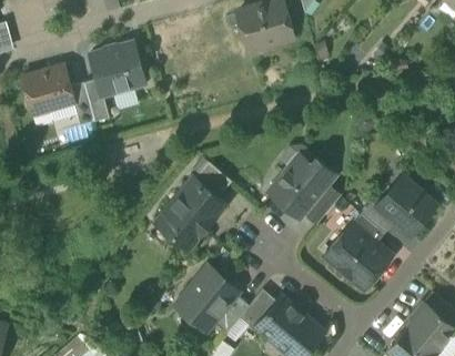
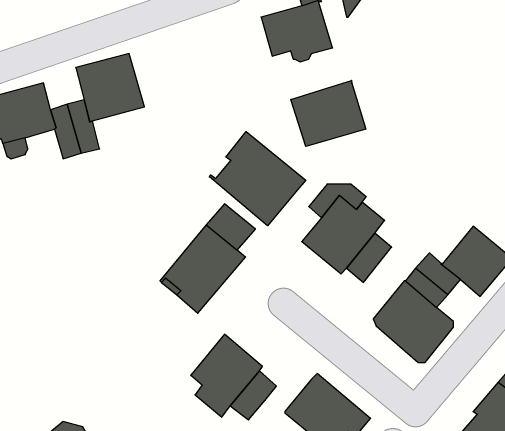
building: none -> [291,80,366,146]
building: none -> [209,132,306,226]
building: [240,289,276,328] -> none

